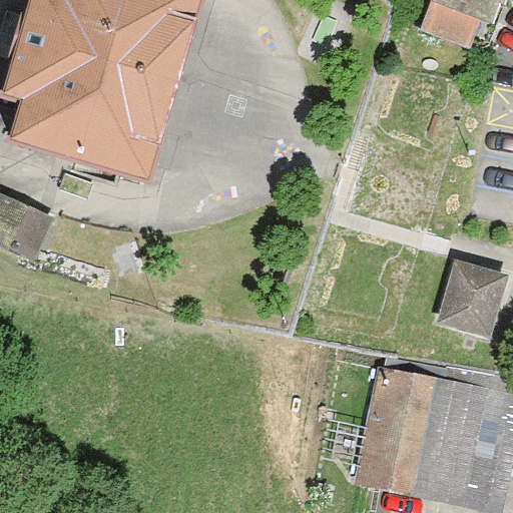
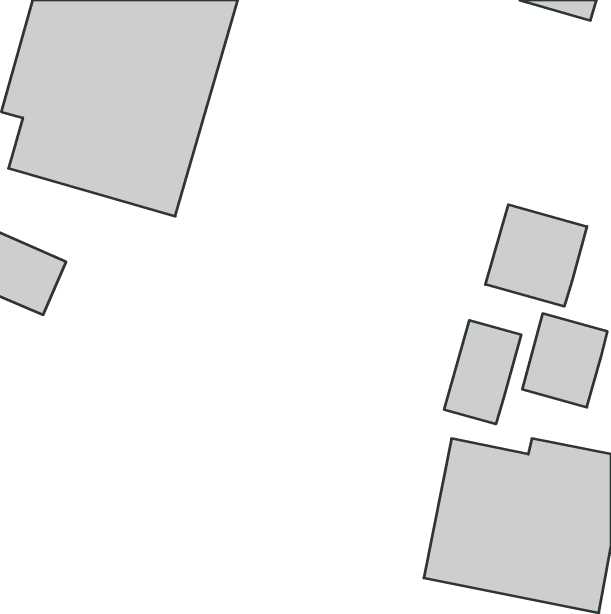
building: none -> [485,205,587,306]
building: none -> [444,320,521,424]

